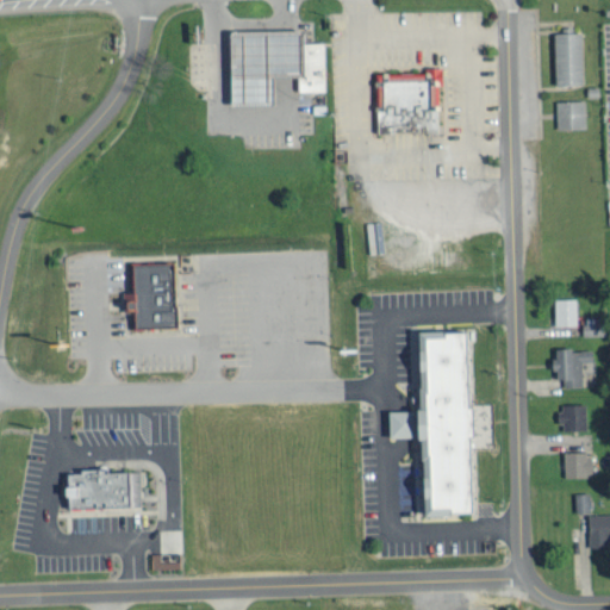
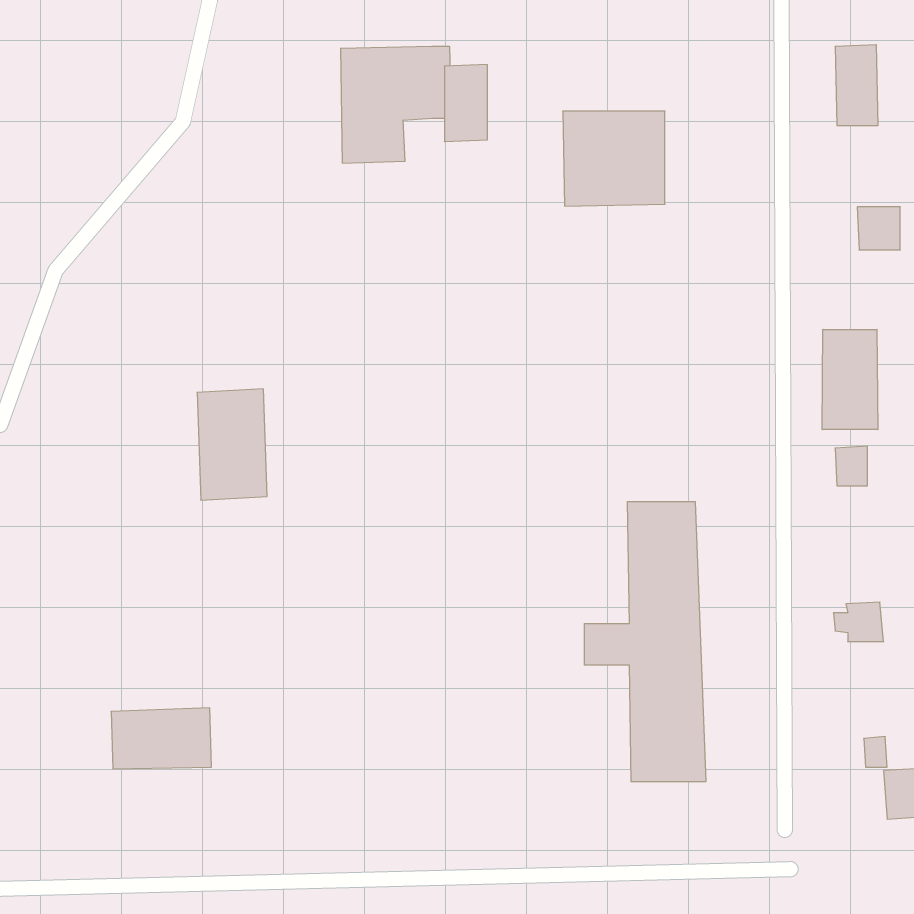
building: [558,100,586,129] -> [857,207,900,250]
building: none -> [822,329,878,430]
building: [553,346,595,386] -> none
building: [565,449,593,475] -> none

